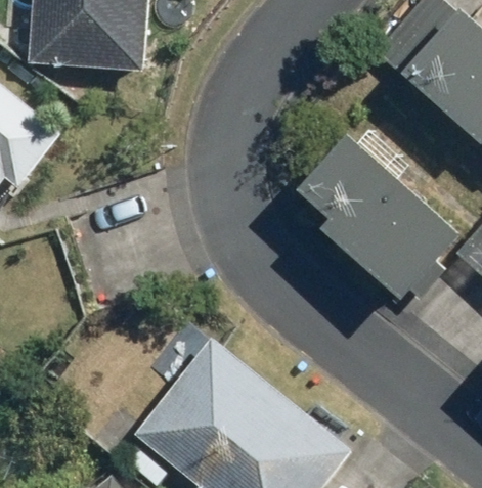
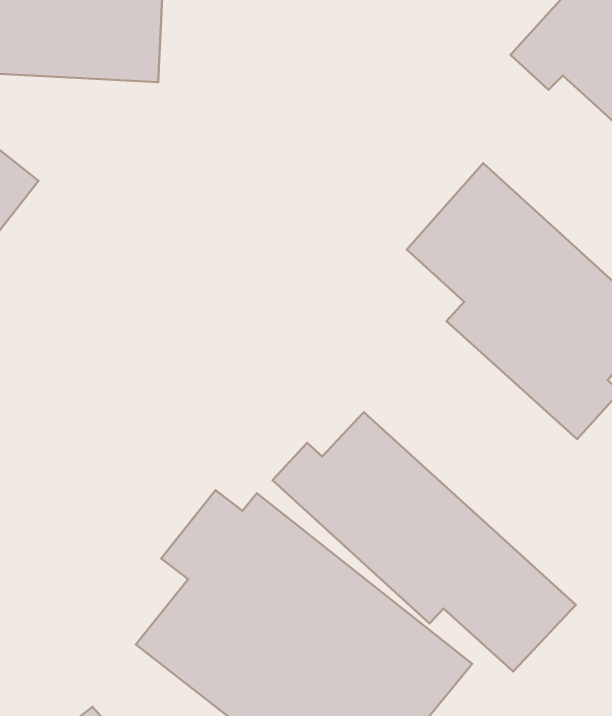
building: none -> [272,412,576,671]

